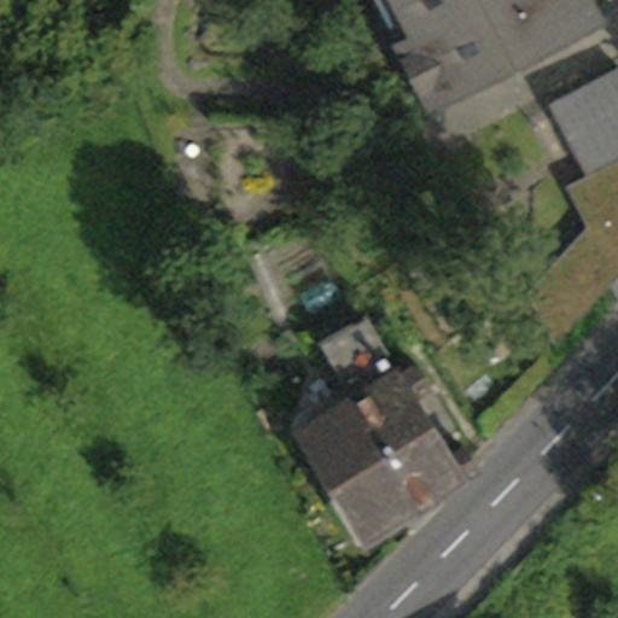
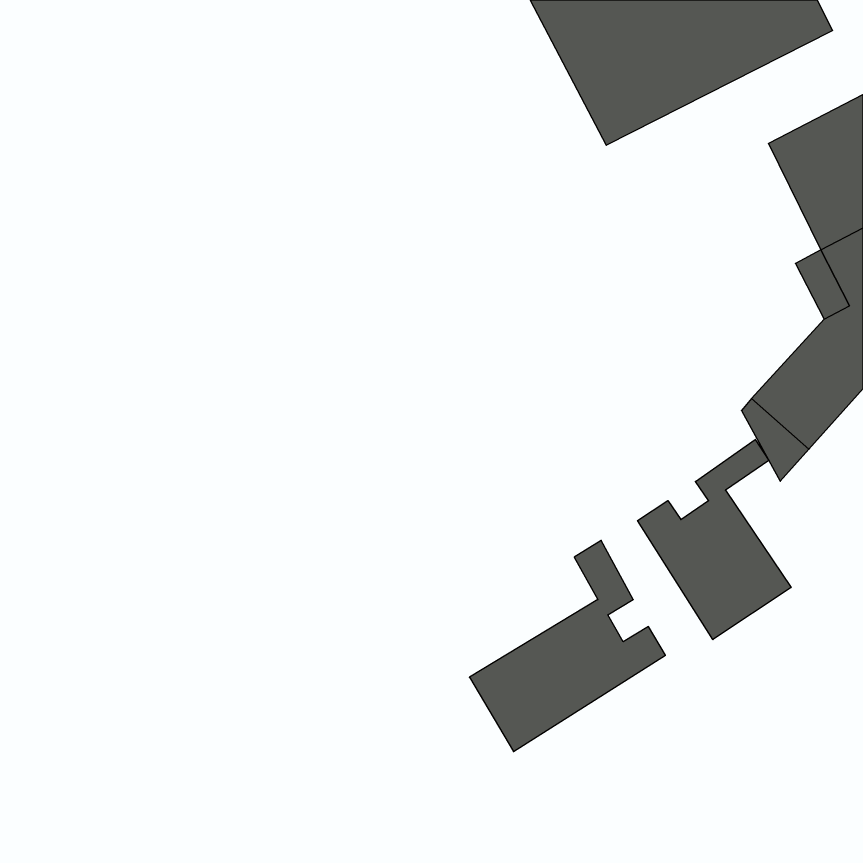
building: none -> [638,439,791,640]
building: [304,320,430,484] -> none

